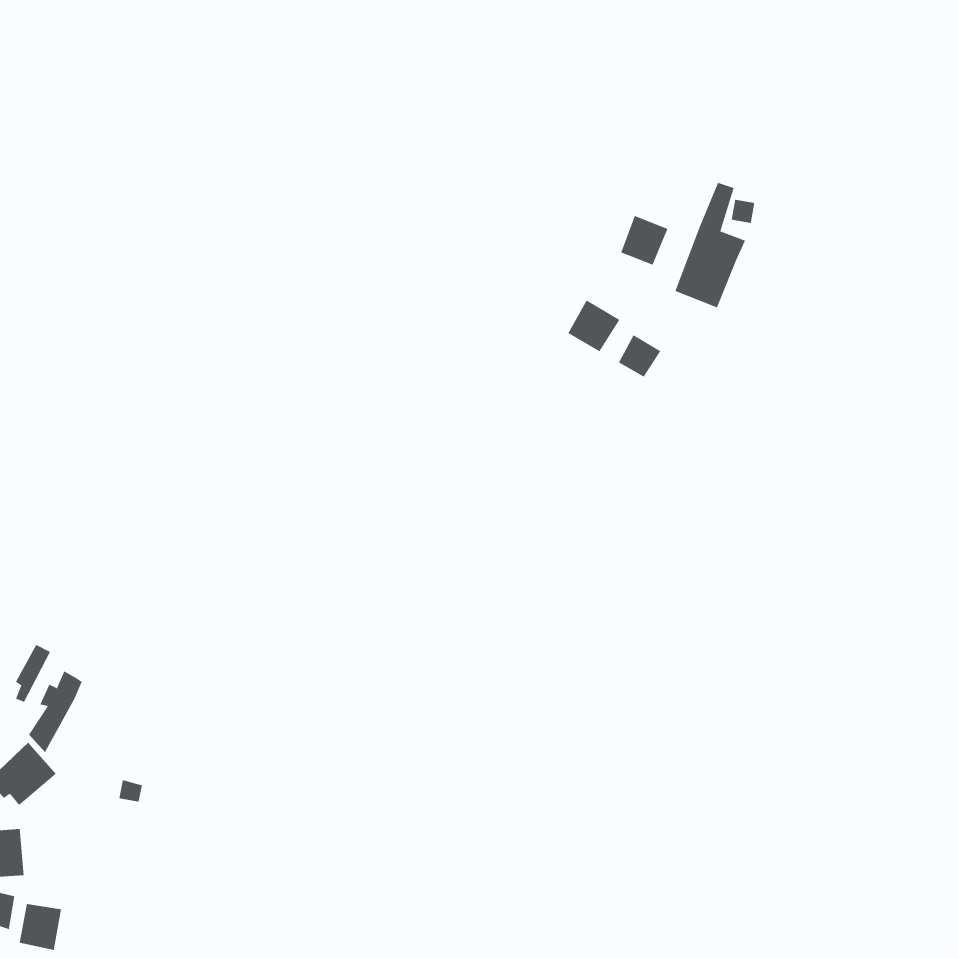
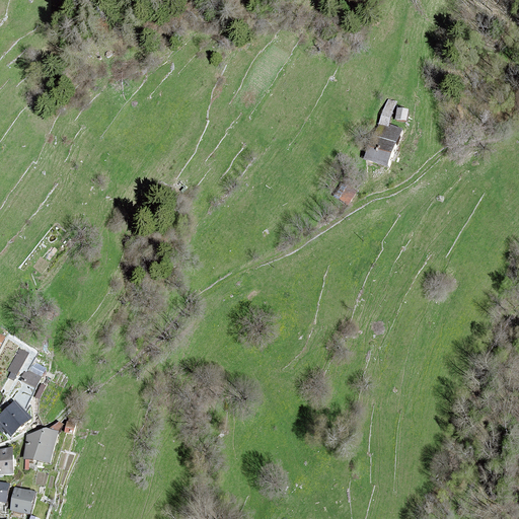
building: [620,215,668,265] -> none
building: [567,299,620,352] -> none
building: none -> [24,428,57,461]

